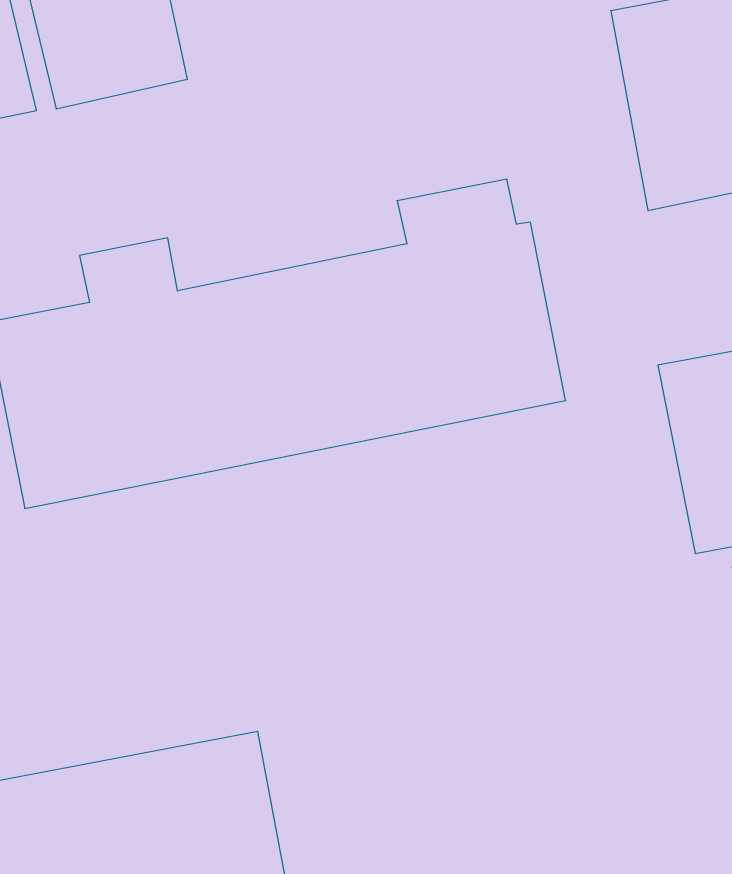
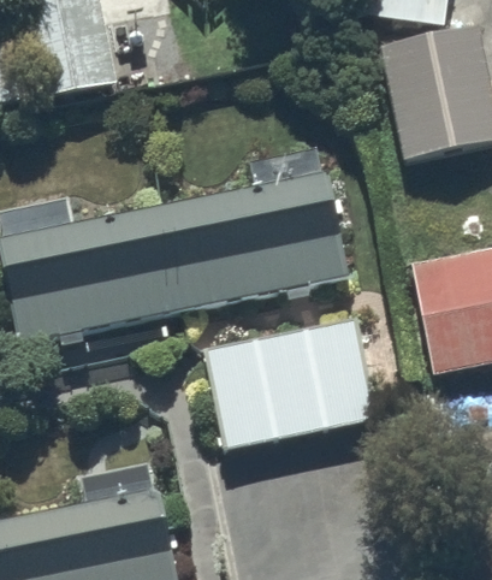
building: none -> [201,312,381,454]

